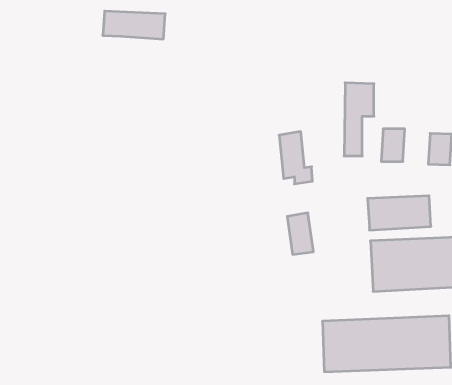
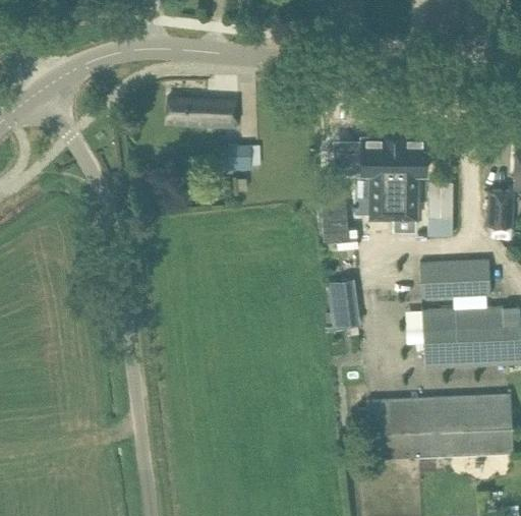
building: [103,11,165,39] -> [166,99,236,130]
building: none -> [332,133,393,216]
building: none -> [223,146,251,166]

